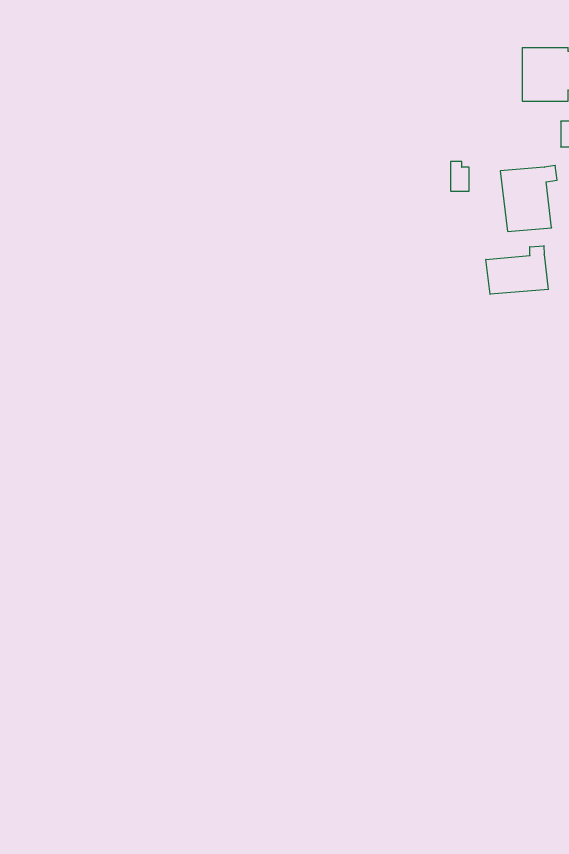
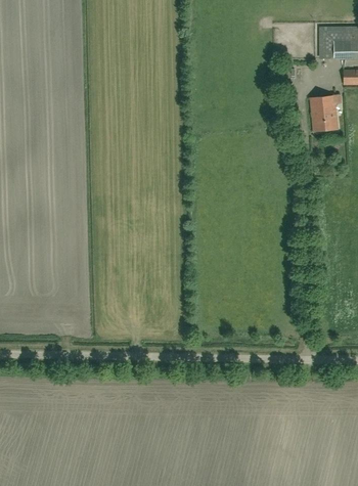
building: [486,246,548,294] -> none

